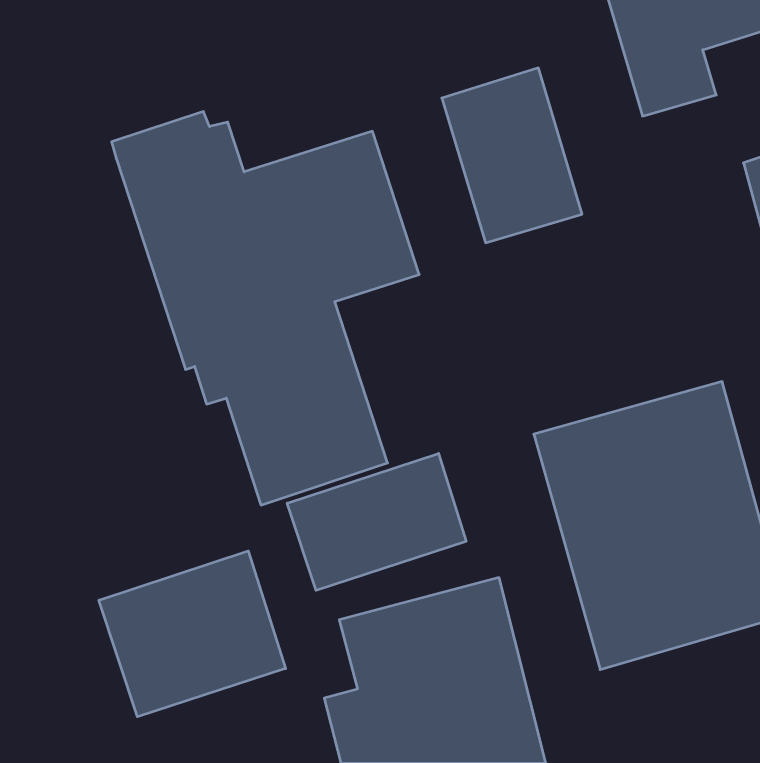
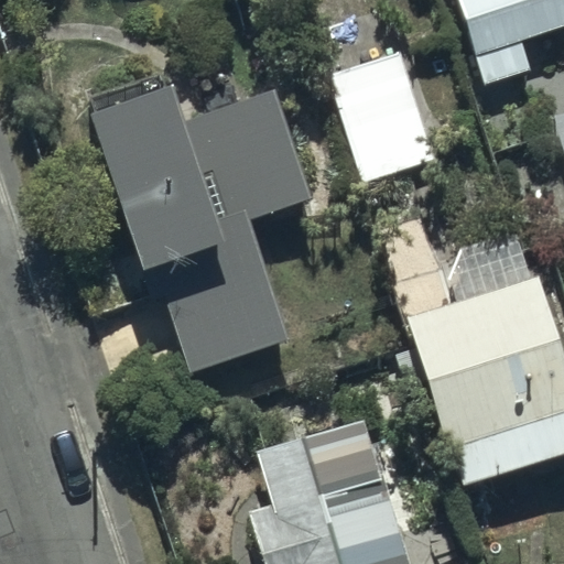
building: [287,453,466,590] -> none
building: [99,551,286,717] -> none

